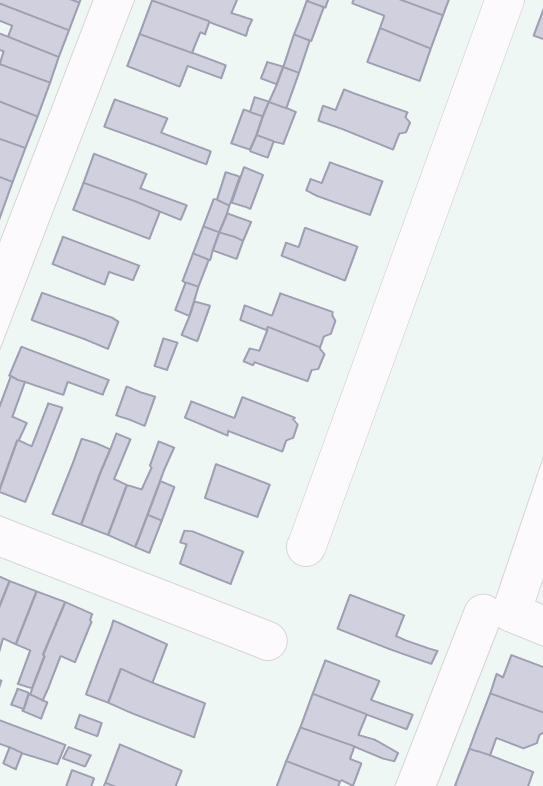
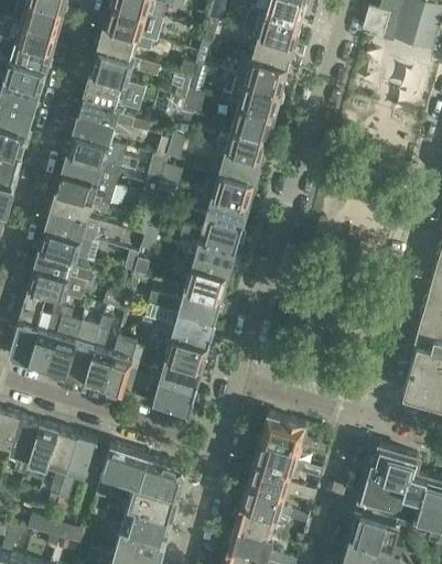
building: none -> [237,55,288,90]
building: none -> [84,74,142,107]
building: none -> [218,100,273,138]
building: none -> [73,116,141,145]
building: none -> [211,148,261,183]
building: none -> [56,173,115,207]
building: none -> [201,193,248,228]
building: none -> [45,210,122,251]
building: none -> [34,249,107,288]
building: none -> [179,265,230,301]
building: none -> [45,299,77,378]
building: none -> [142,306,215,347]
building: none -> [149,359,202,393]
building: none -> [255,440,323,480]
building: none -> [140,459,183,497]
building: none -> [121,507,171,543]

